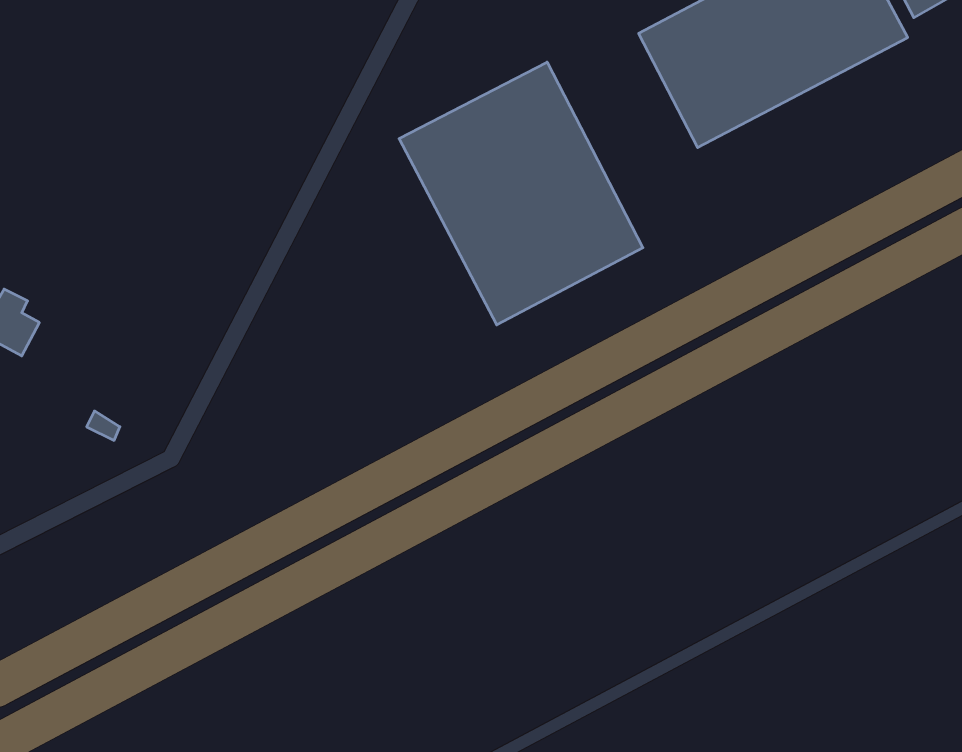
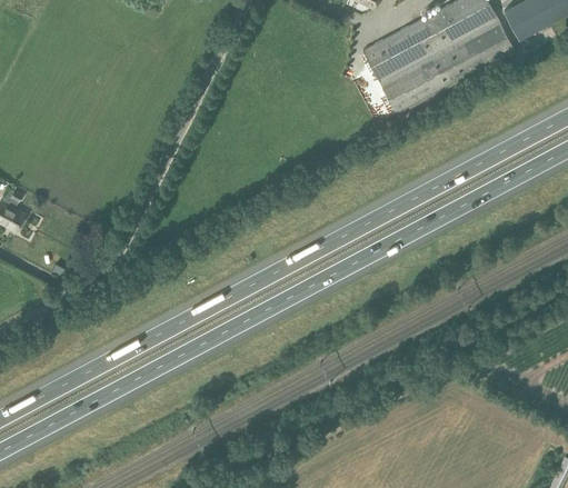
building: [399,62,643,325] -> none

